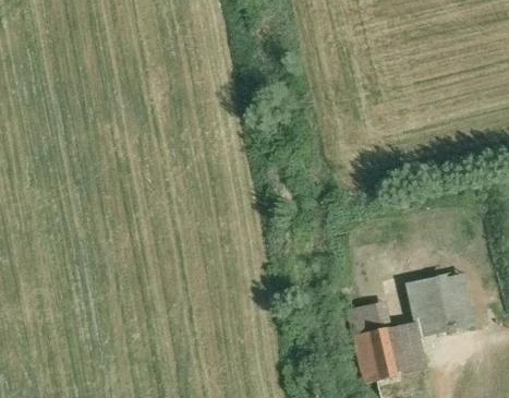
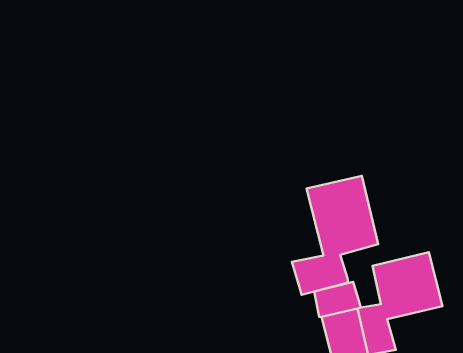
building: none -> [292,176,378,295]

